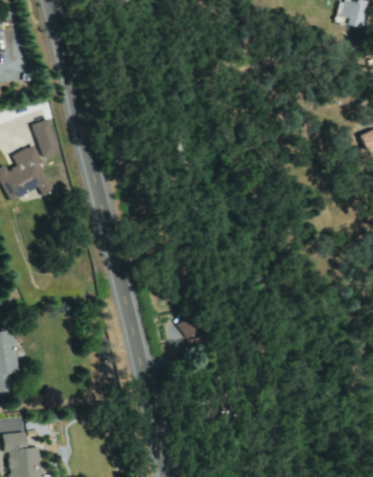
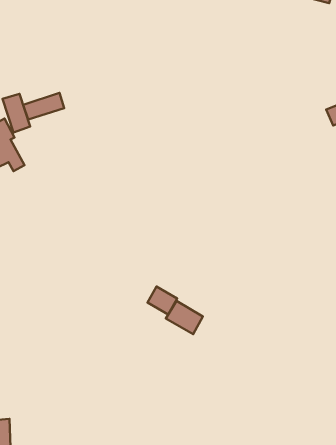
building: none -> [23,93,64,119]
building: none -> [166,301,203,334]

